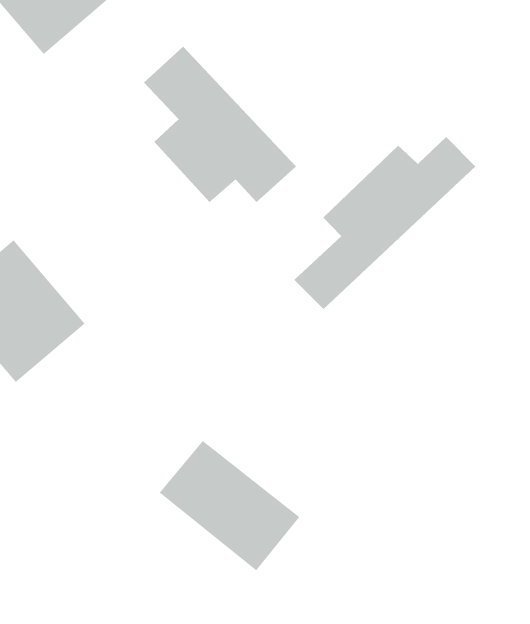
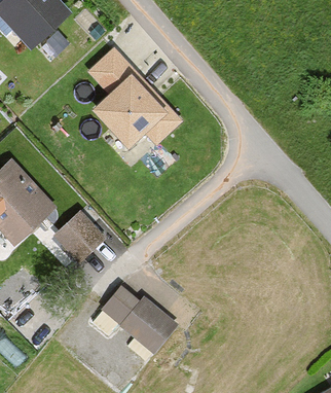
building: [294,136,476,310] -> none
building: none -> [52,211,107,265]

